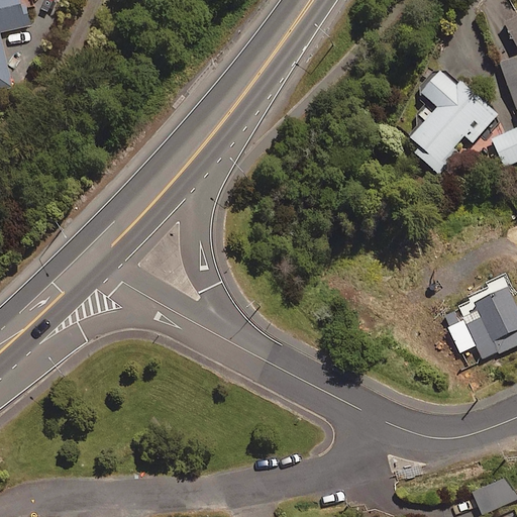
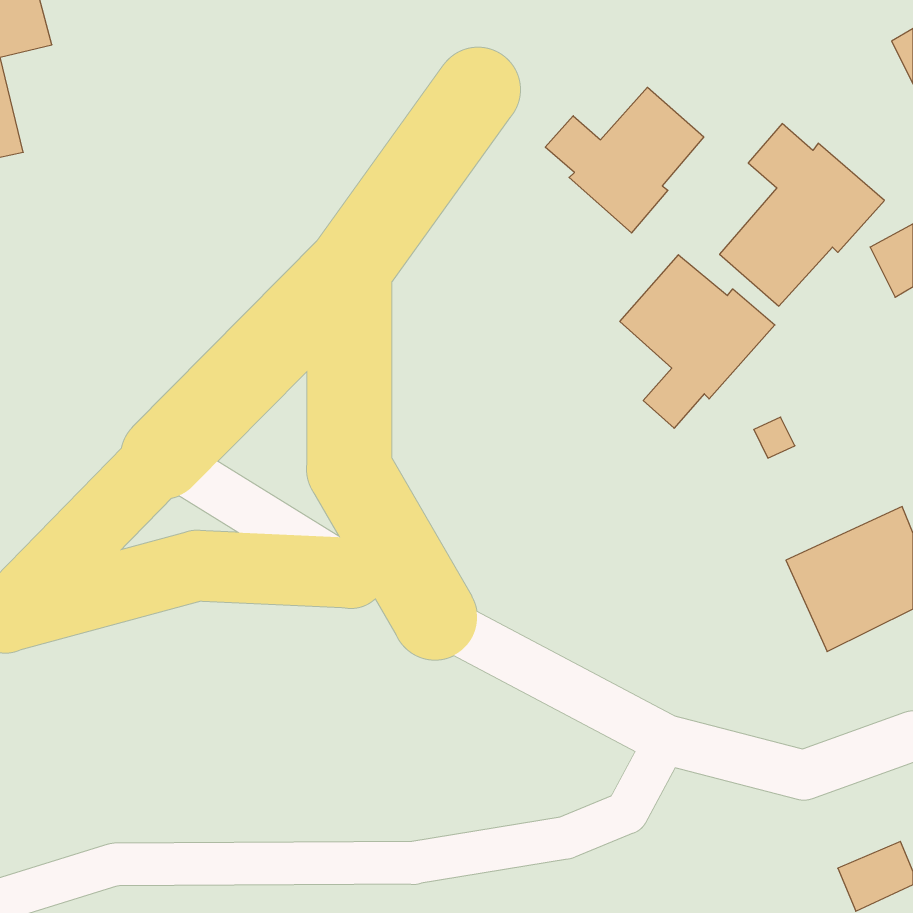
building: none -> [545,87,704,233]
building: none -> [620,255,775,428]

